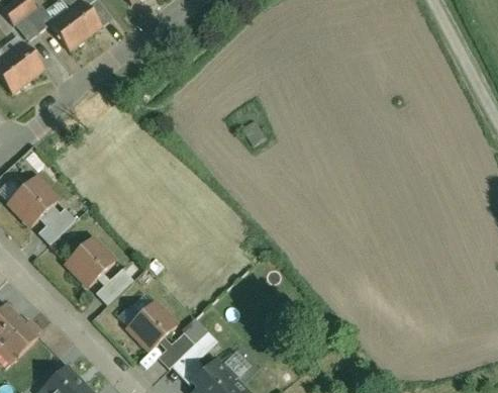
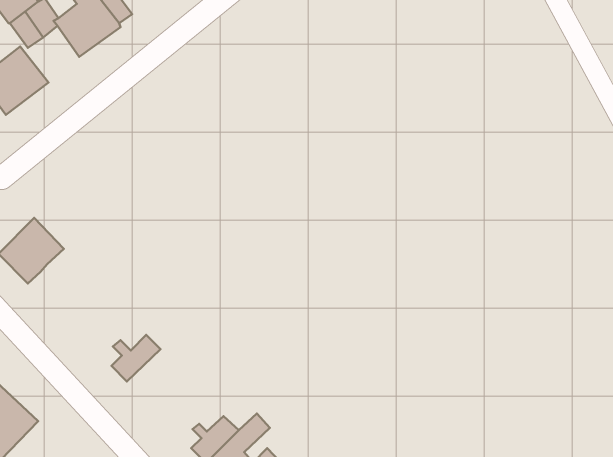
building: [38,207,76,243] -> none
building: [63,236,113,287] -> none
building: [126,300,178,352] -> none

